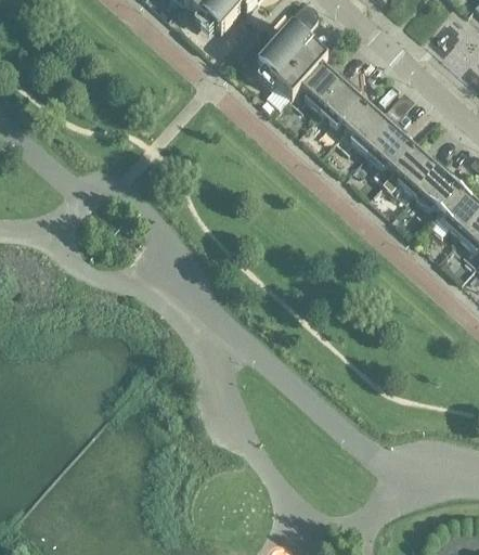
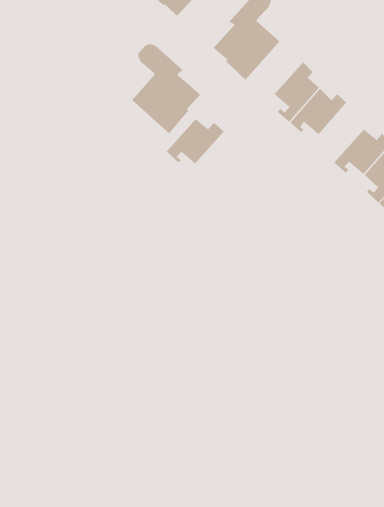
building: [289,57,350,112] -> [166,112,225,164]
building: none -> [131,44,201,134]
building: [366,120,413,182] -> none

